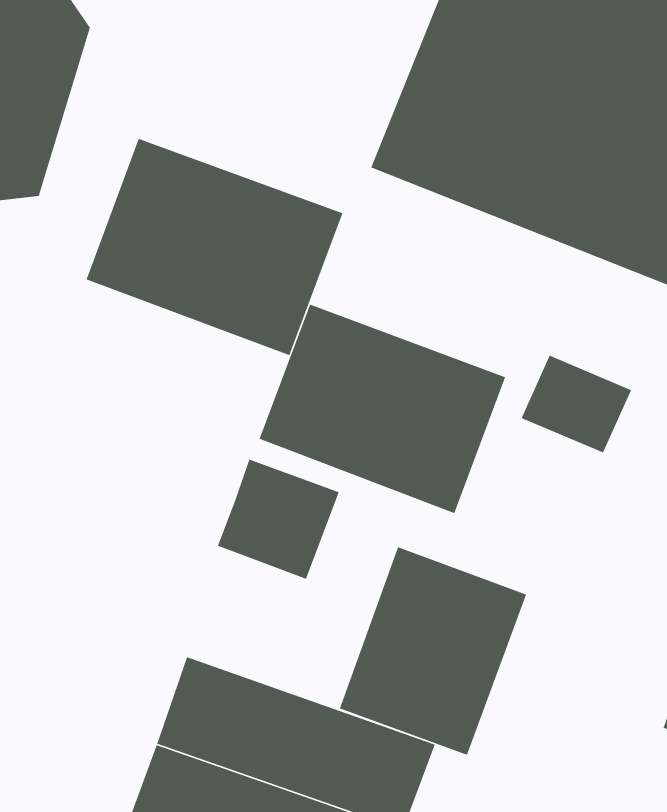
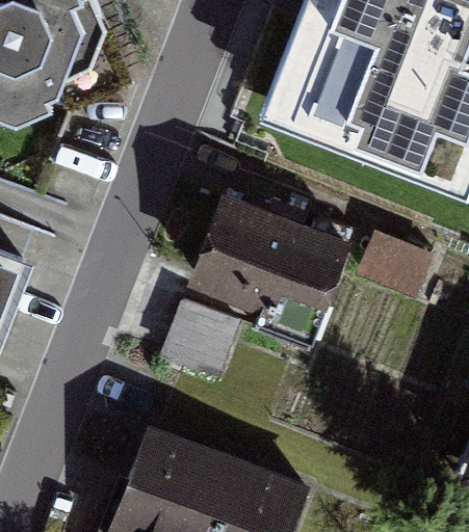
building: [85,138,344,356] -> none
building: [339,546,527,756] -> none

